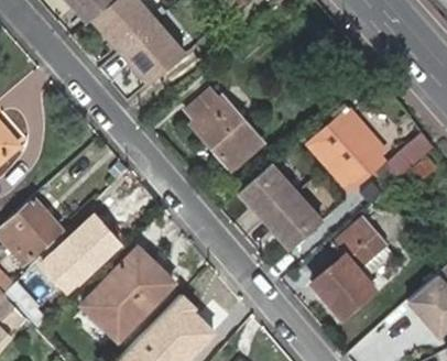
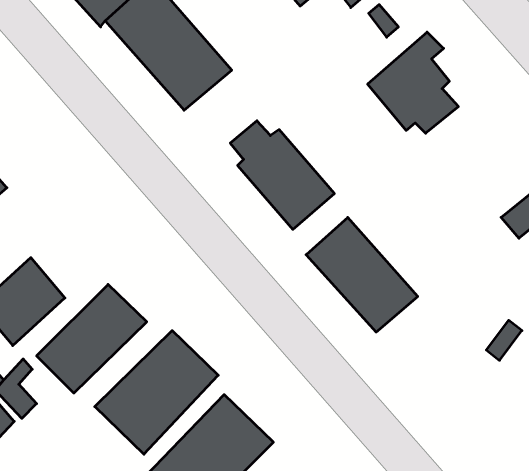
building: [309,109,377,184] -> [368,32,458,133]
building: [313,219,383,318] -> none

